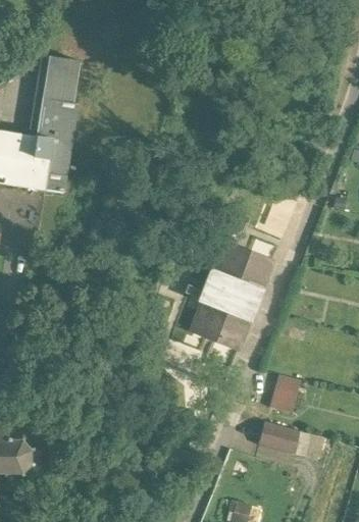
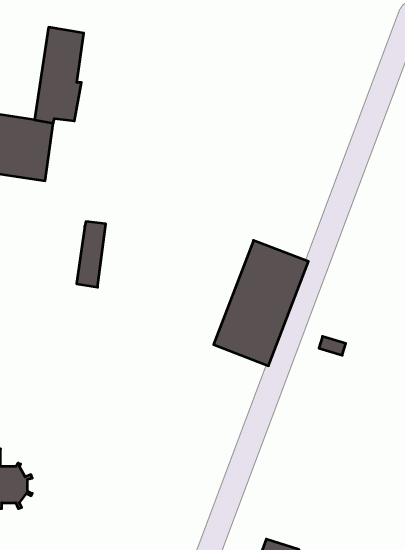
building: [44,136,69,193] -> [77,222,106,287]
building: [269,375,300,414] -> none
building: [257,422,299,456] -> none

